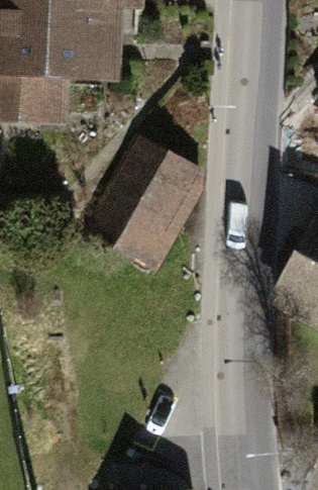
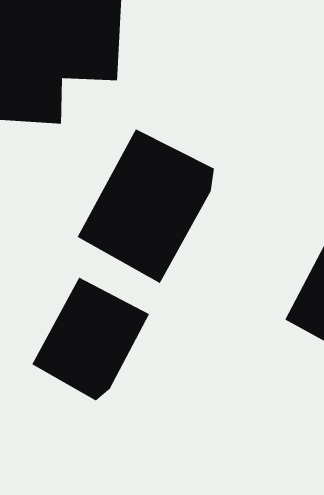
building: none -> [31,276,150,401]

